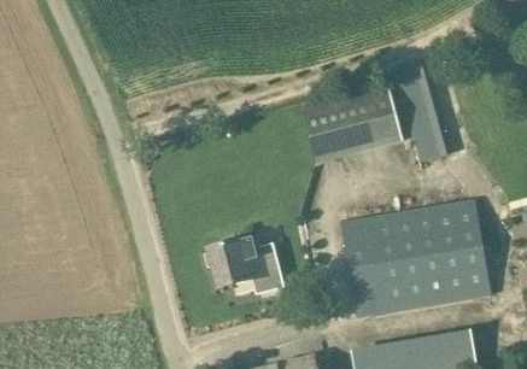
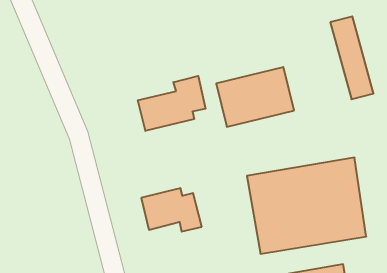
building: [393,60,447,164] -> [330,16,374,99]
building: none -> [138,76,206,131]

